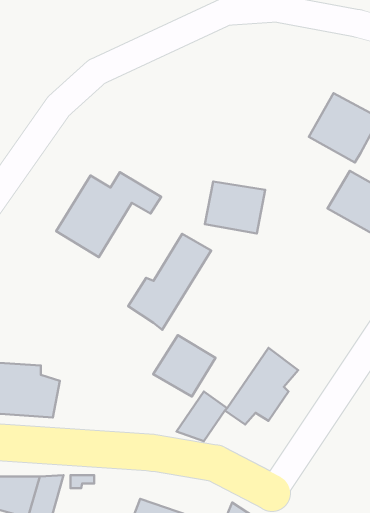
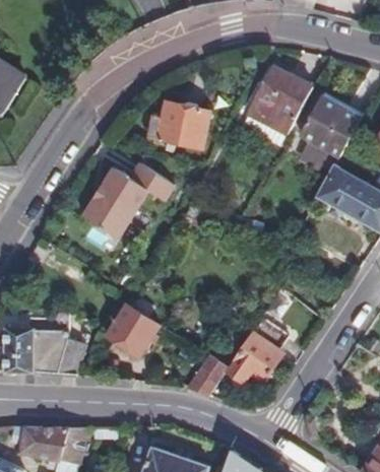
building: none -> [252,68,313,131]
building: [205,182,265,233] -> [159,105,210,149]
building: [128,234,211,330] -> none
building: [153,335,216,397] -> [107,305,161,357]

